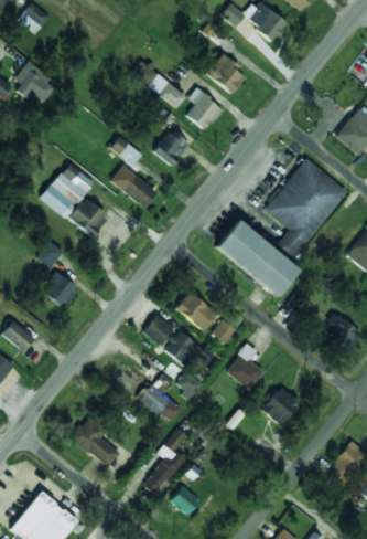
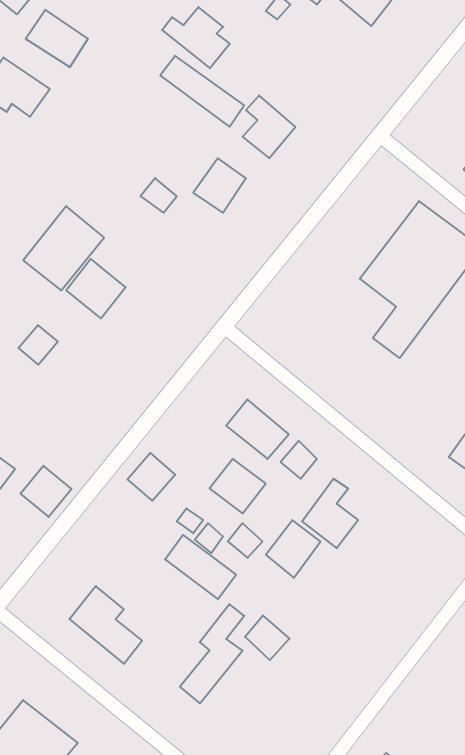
building: none -> [26,10,88,67]
building: [199,53,245,94] -> [162,7,230,68]
building: [109,166,156,205] -> none
building: [215,220,299,296] -> none
building: [43,273,77,307] -> [20,466,71,517]
building: [142,314,174,346] -> [127,453,175,501]
building: [262,387,299,425] -> [266,520,320,578]
building: [171,485,201,515] -> [245,615,290,660]

